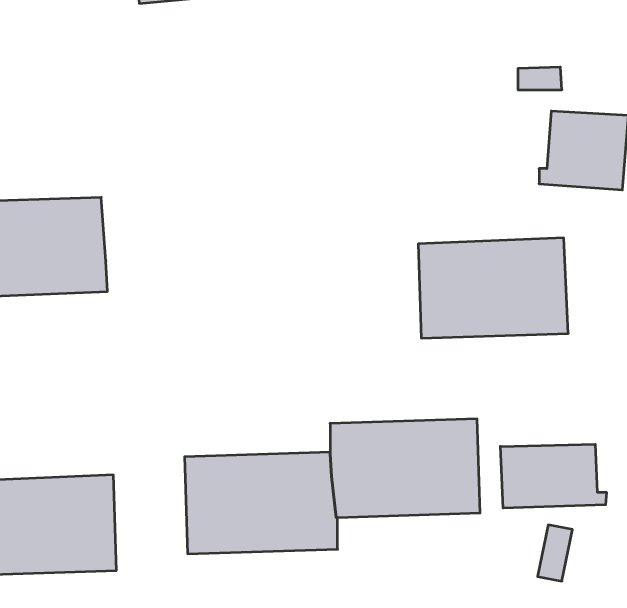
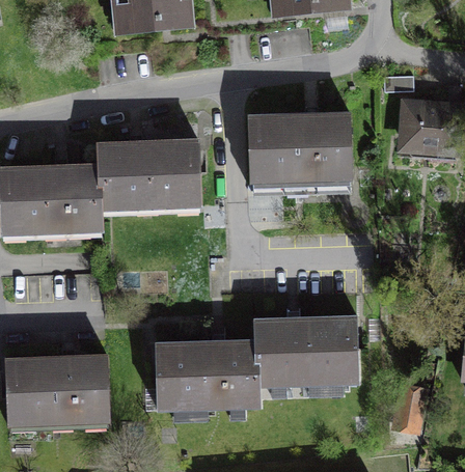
building: none -> [97,141,200,210]
building: [418,238,568,338] -> [248,114,351,183]
building: [500,444,606,508] -> none

